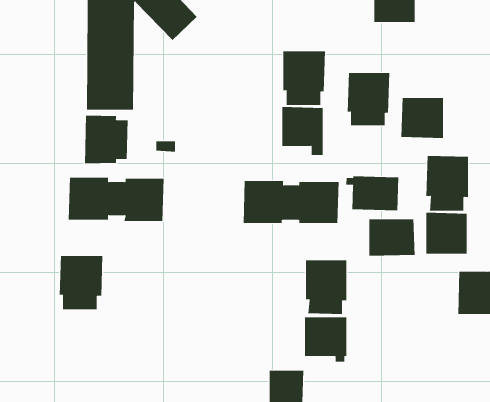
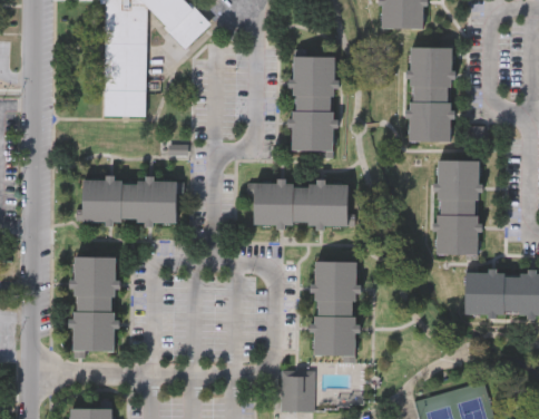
building: [347,72,390,126] -> [410,48,452,100]
building: [84,115,128,164] -> none
building: [346,176,399,211] -> none
building: [369,218,415,257] -> none
building: none -> [72,312,115,352]

